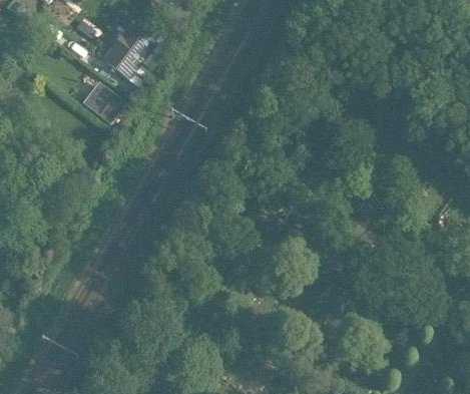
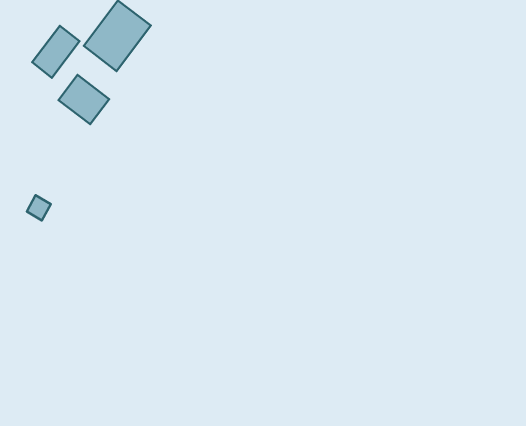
building: none -> [32,26,80,78]

